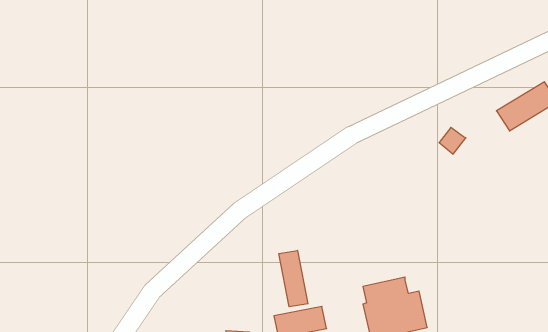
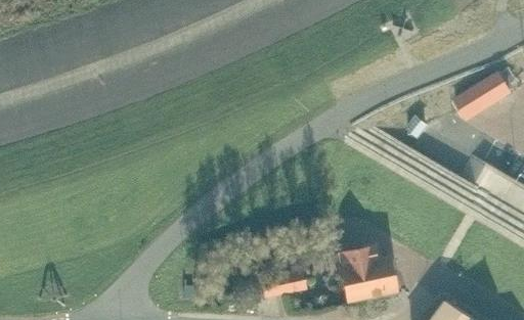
building: [279,250,308,307] -> none

